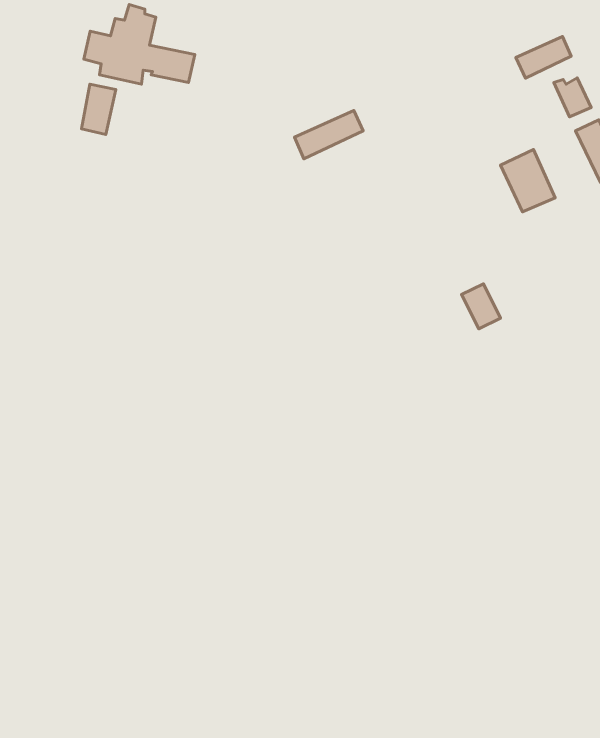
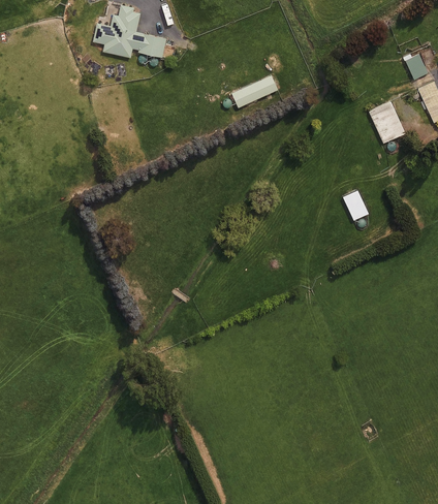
building: [516,36,571,78] -> none
building: [81,84,116,135] -> none

